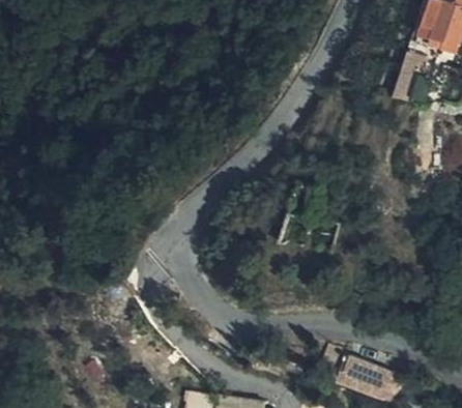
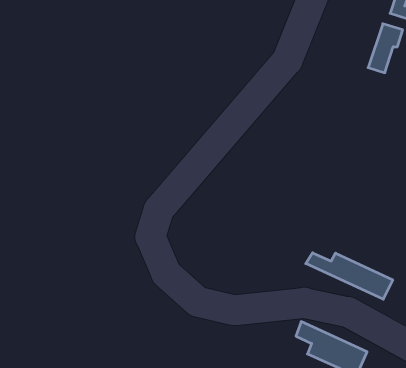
building: none -> [306,253,393,299]

